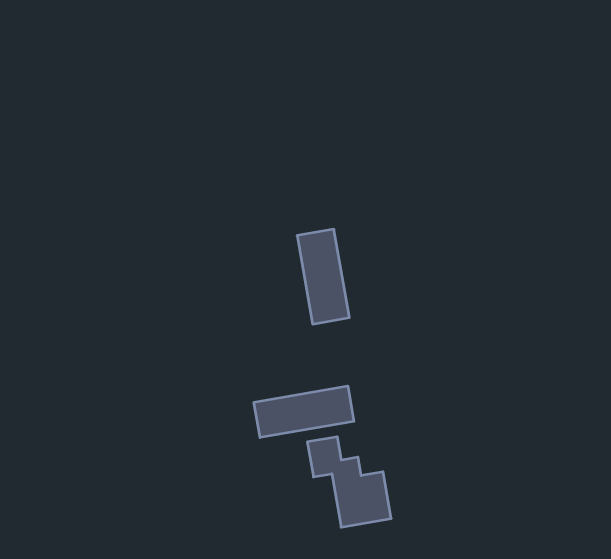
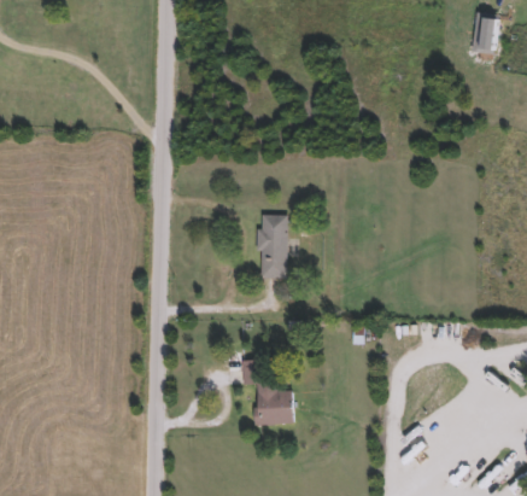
building: [254,386,354,438] -> none

